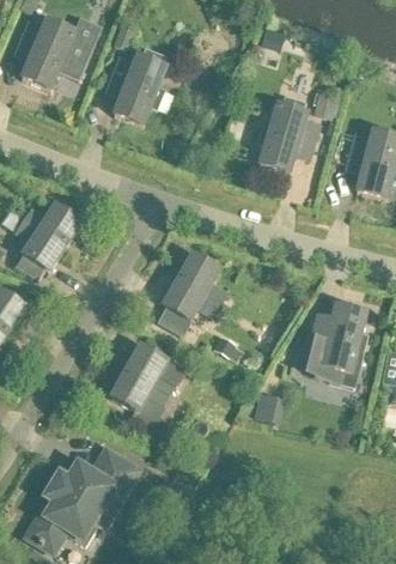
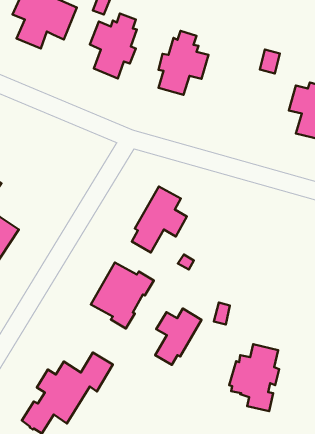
building: [258,93,318,170] -> [159,31,209,95]
building: [16,204,80,275] -> none
building: [306,303,366,383] -> [229,344,279,411]
building: none -> [155,309,201,365]

